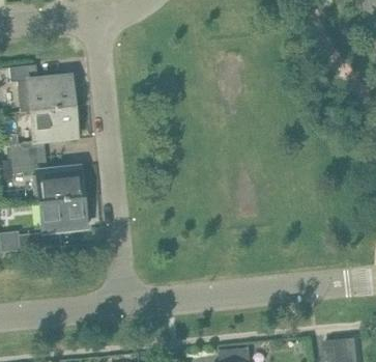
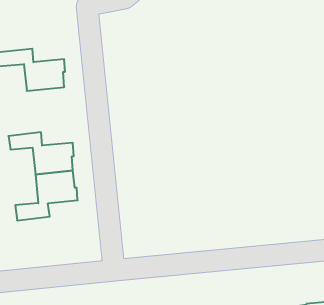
building: [9,106,77,159] -> none

